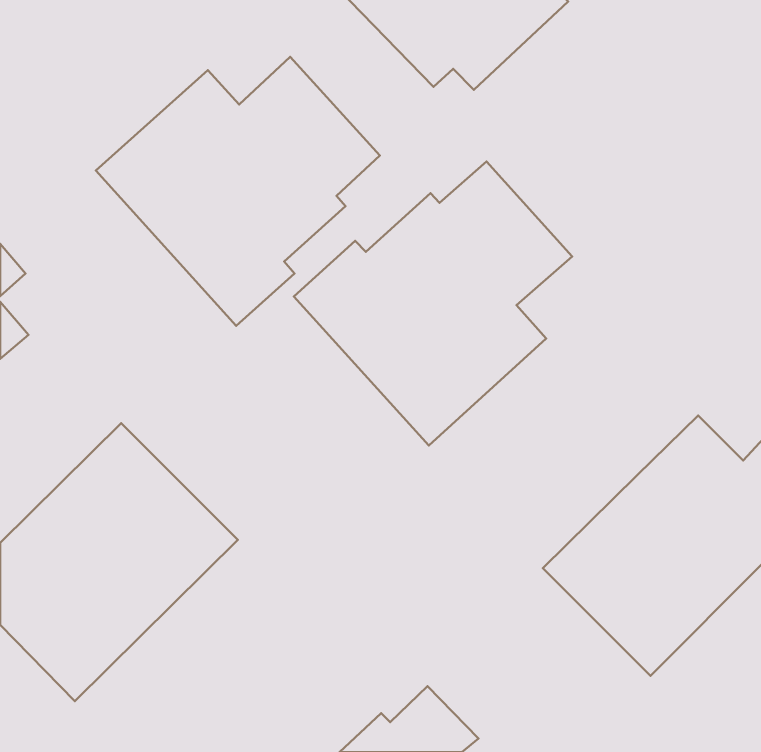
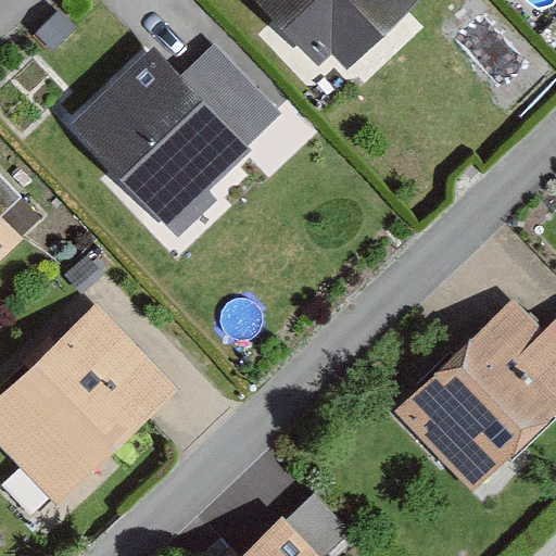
building: [294,161,572,446] -> none

